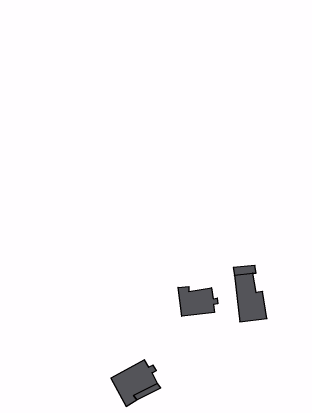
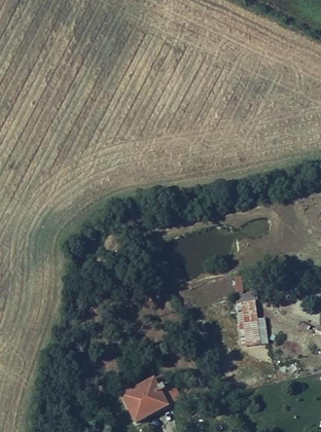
building: [178,287,218,316] -> none

